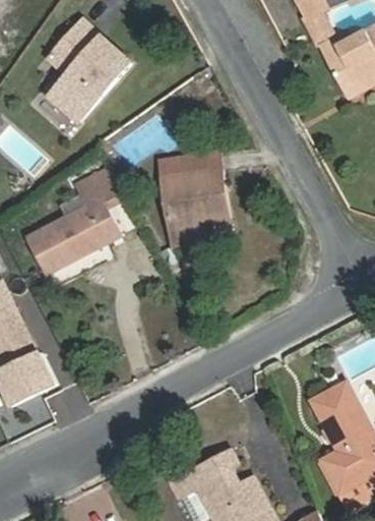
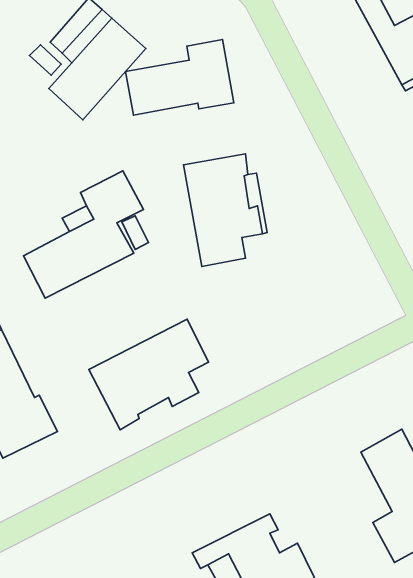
building: none -> [126,40,234,115]
building: none -> [89,319,208,430]

